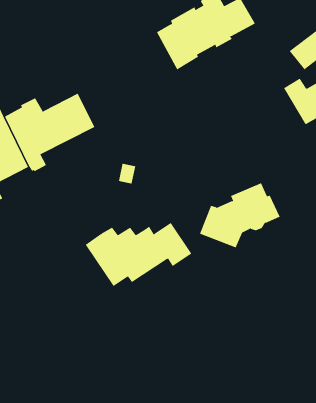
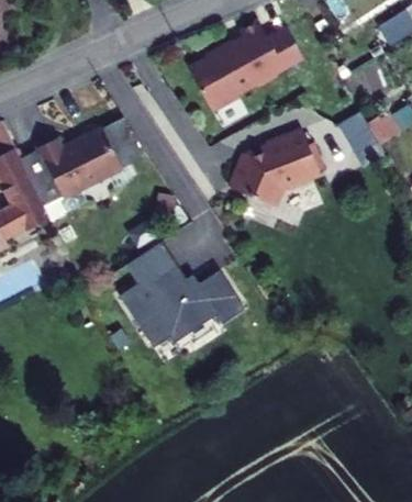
building: [199,182,281,248] -> [231,123,325,199]
building: none -> [115,254,177,297]

